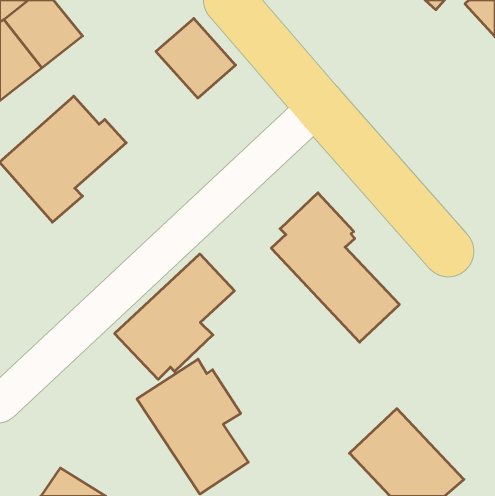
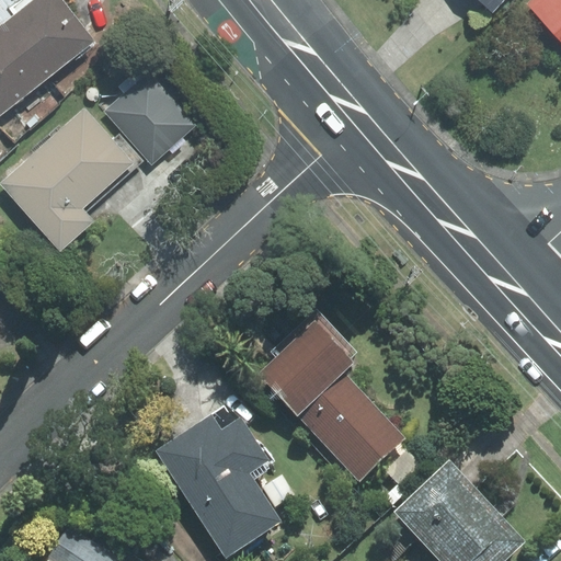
building: [156,18,236,98] -> [104,73,194,163]
building: [271,193,399,342] -> [259,311,403,480]
building: [115,254,234,379] -> none

